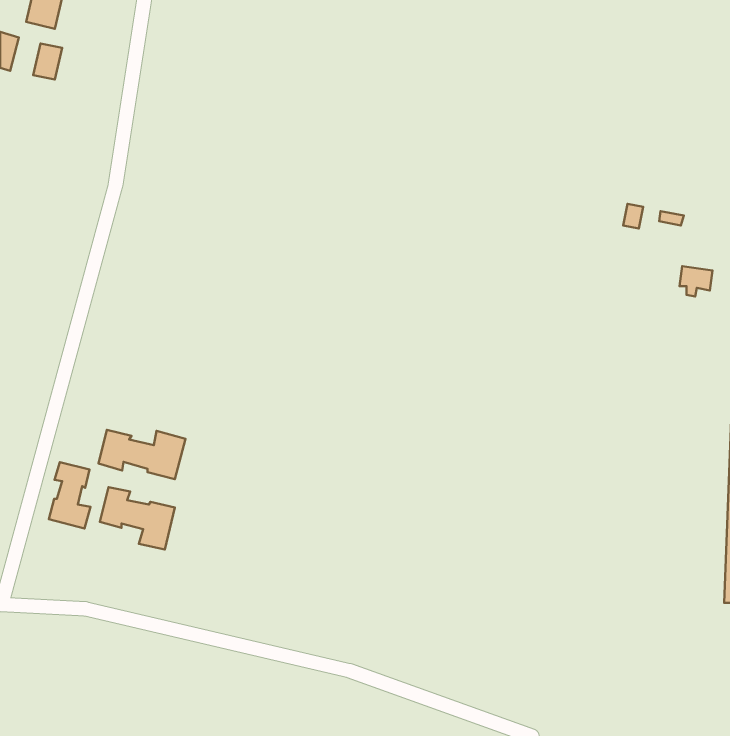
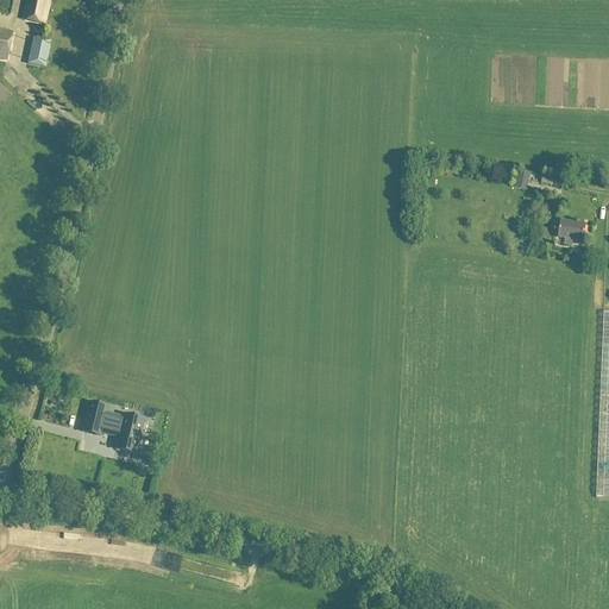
building: [98,430,185,479] -> none
building: [49,462,90,528] -> none

